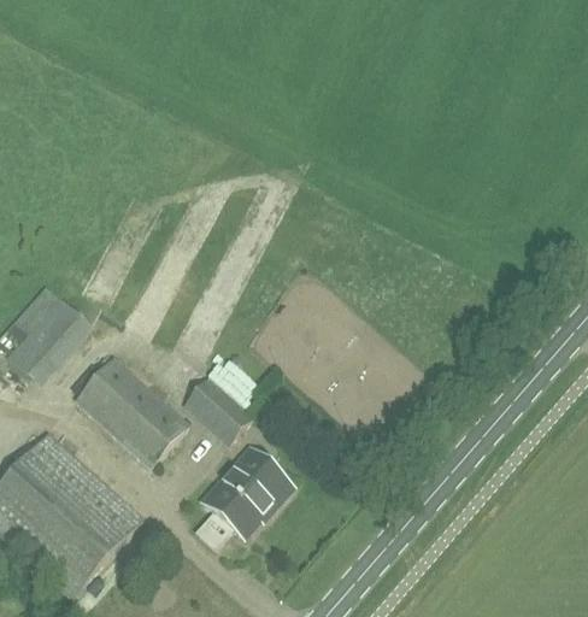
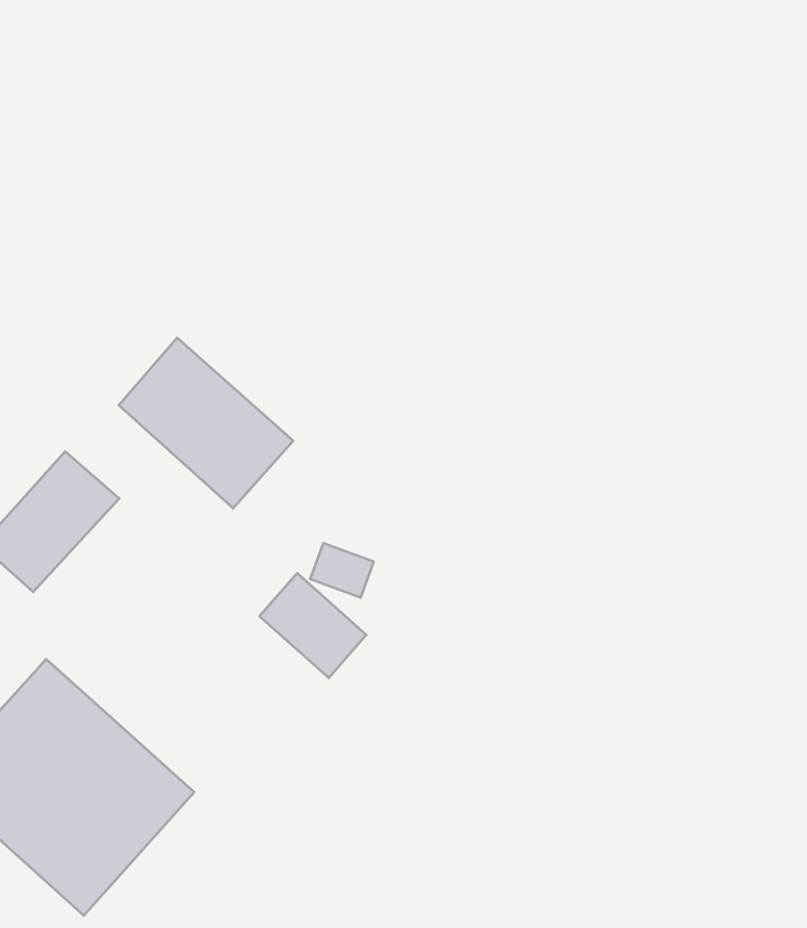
building: [75,357,187,466] -> [119,338,293,508]
building: [202,447,293,536] -> none

